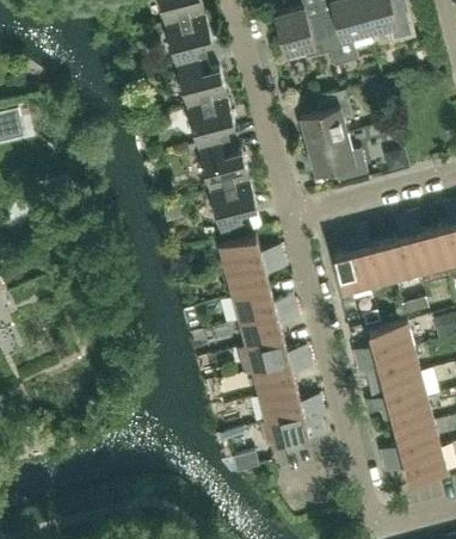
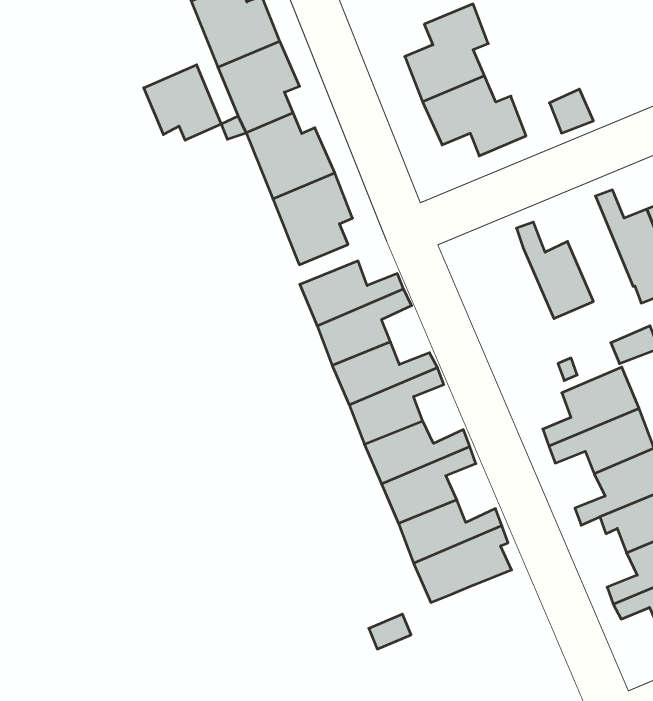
building: none -> [144,65,221,140]
building: [383,216,419,279] -> none
building: [333,241,369,293] -> none

